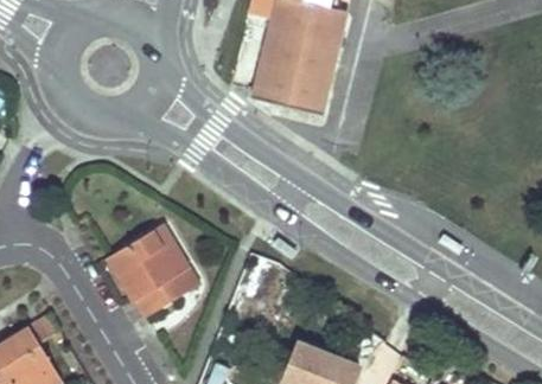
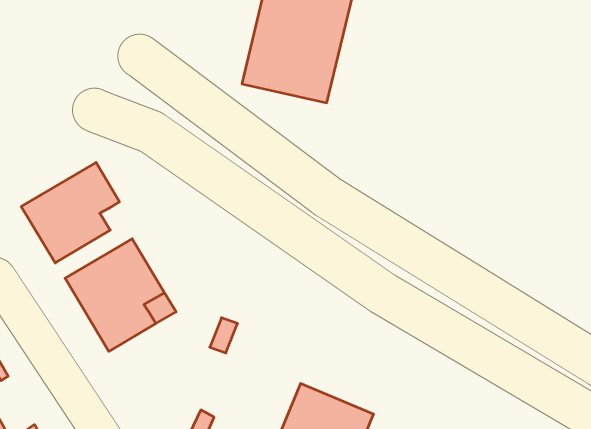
building: none -> [21,162,119,263]

